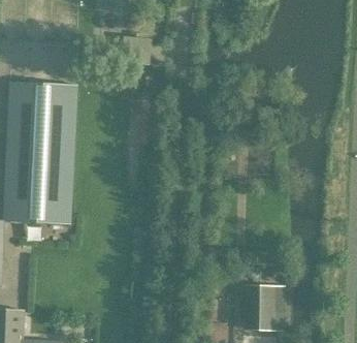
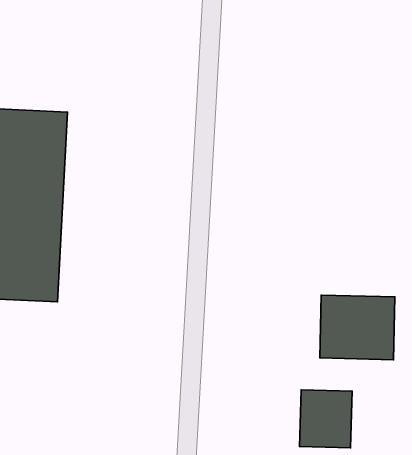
building: none -> [320,295,395,360]

